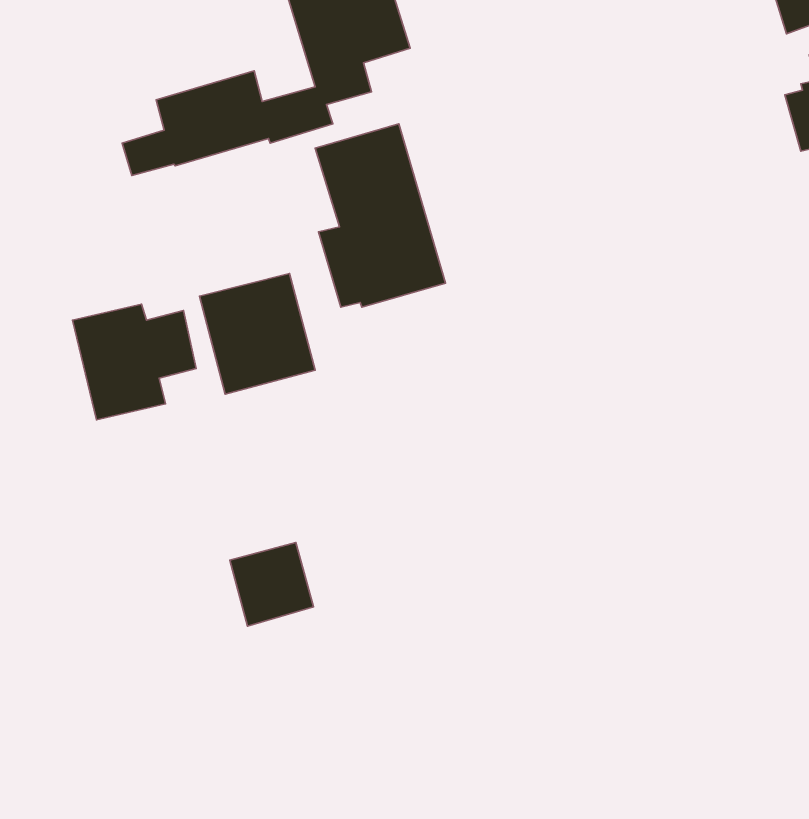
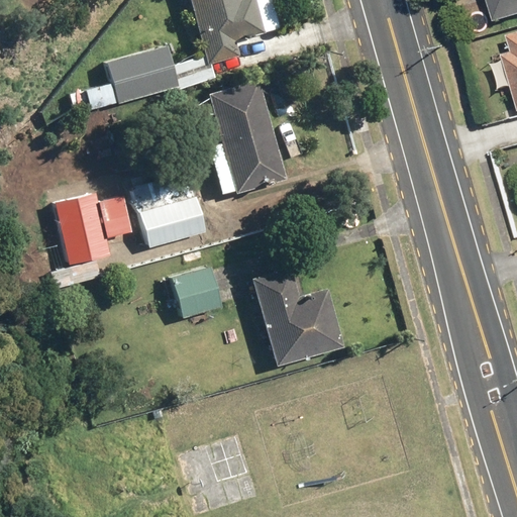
building: none -> [250,267,344,366]
building: [230,542,313,626] -> [171,266,223,318]

